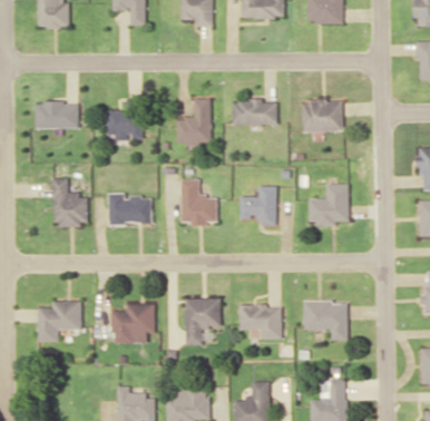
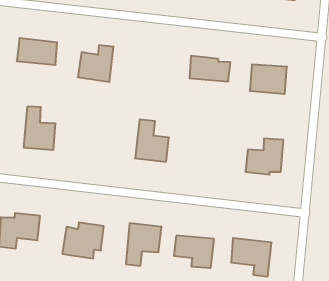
building: [177,97,212,144] -> none
building: [240,185,277,225] -> none
building: [108,193,152,224] -> none

